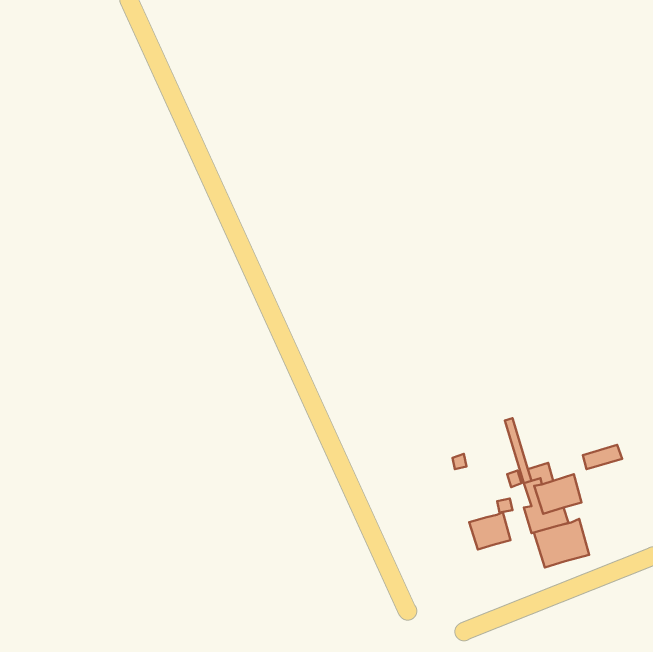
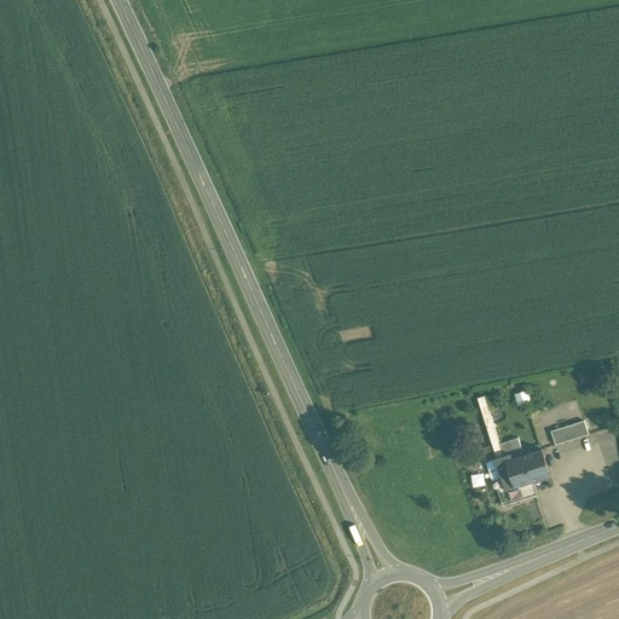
building: [469,512,511,550] -> none
building: [534,519,589,568] -> none

